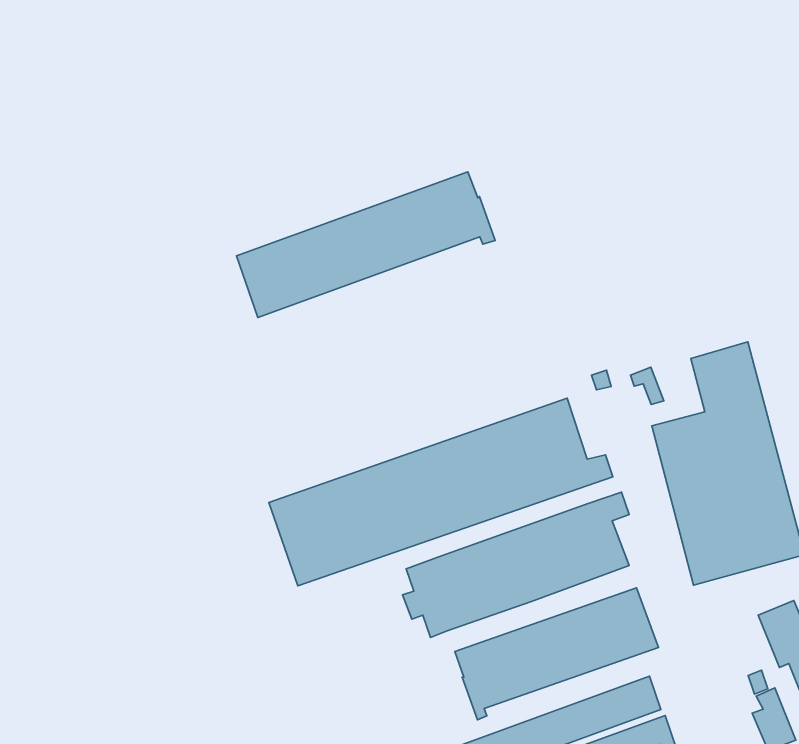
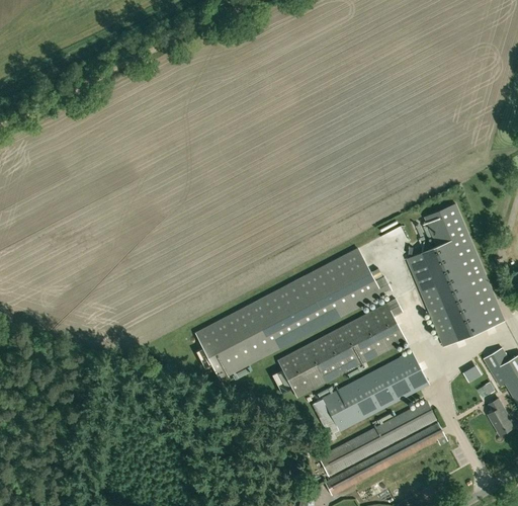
building: [236,172,495,317] -> none

